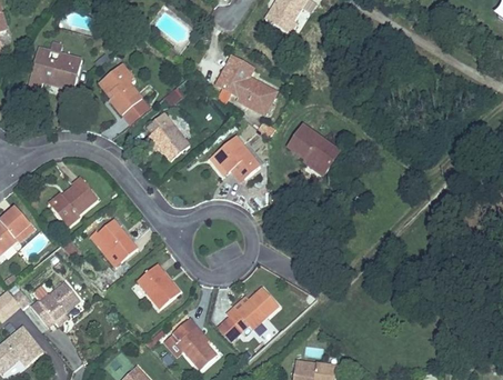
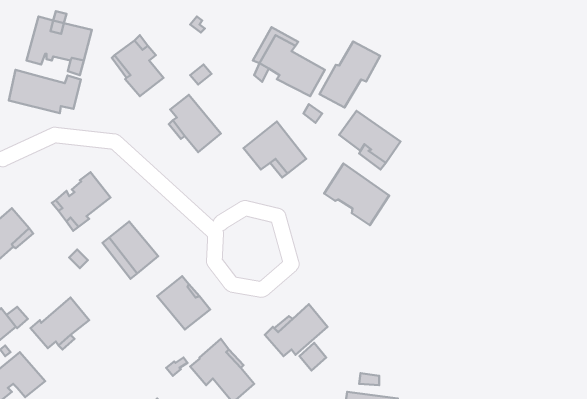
building: none -> [320,41,380,108]
building: none -> [9,70,81,113]
building: none -> [324,164,389,225]

